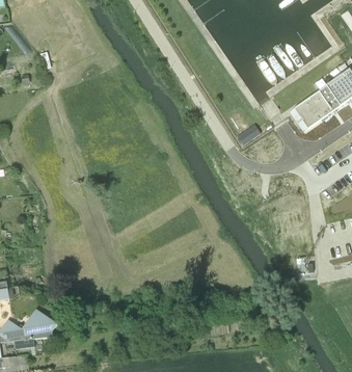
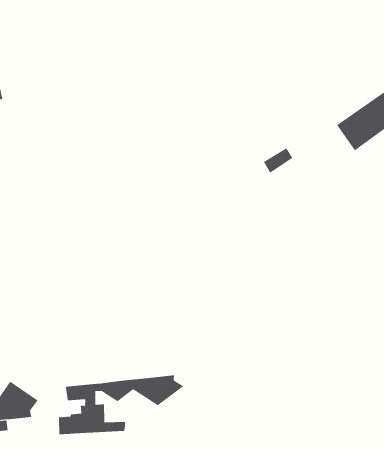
building: none -> [58,375,185,435]

